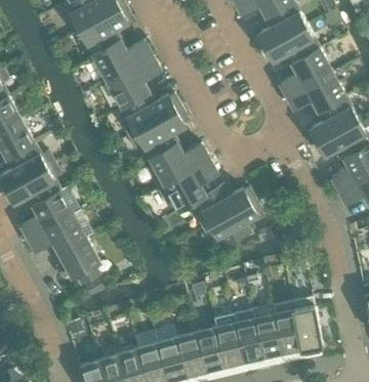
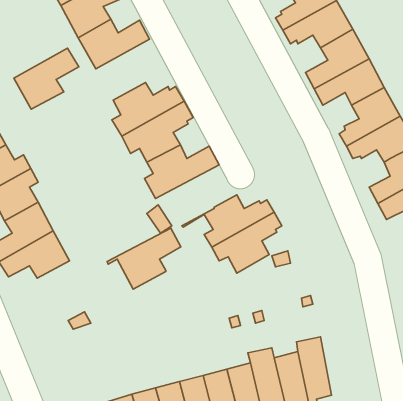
building: [107,56,160,107] -> [14,48,79,109]
building: [156,160,216,210] -> [107,228,181,289]
building: [58,239,98,283] -> none
building: [291,296,321,349] -> none

